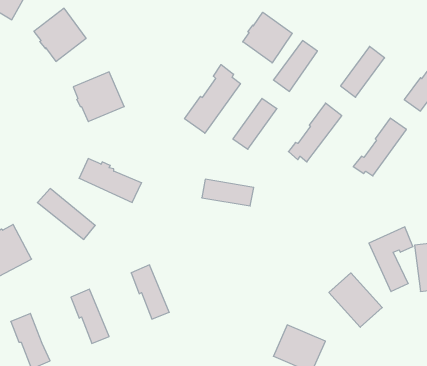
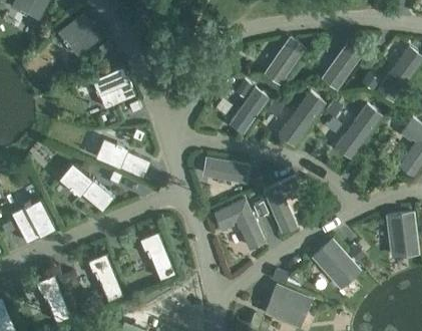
building: [243,12,292,63] -> none
building: [185,65,240,133] -> none
building: none -> [214,199,264,248]
building: [369,227,413,292] -> [263,177,301,233]

